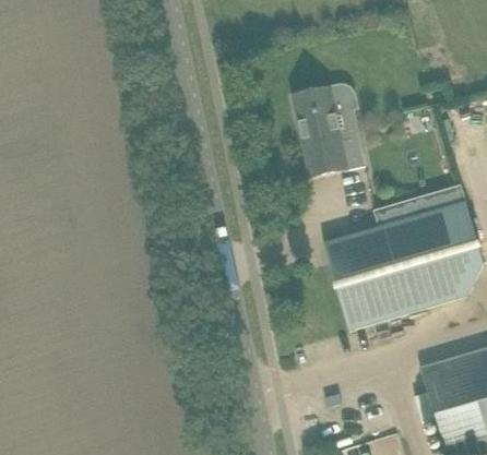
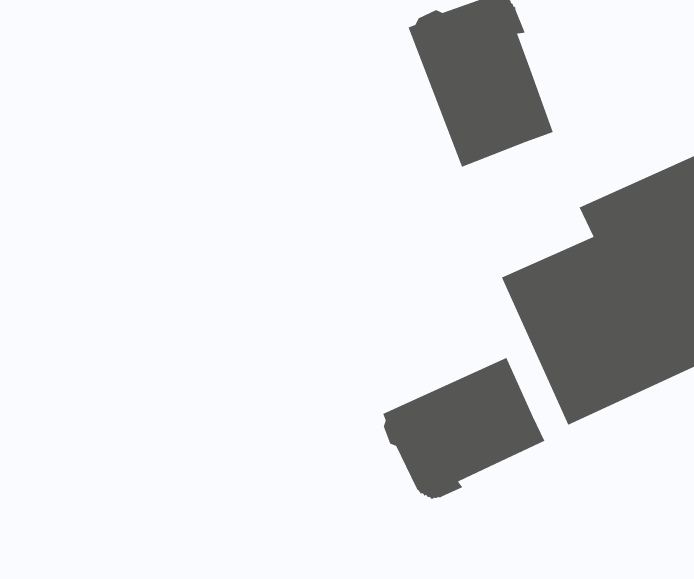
building: none -> [382,357,545,500]

